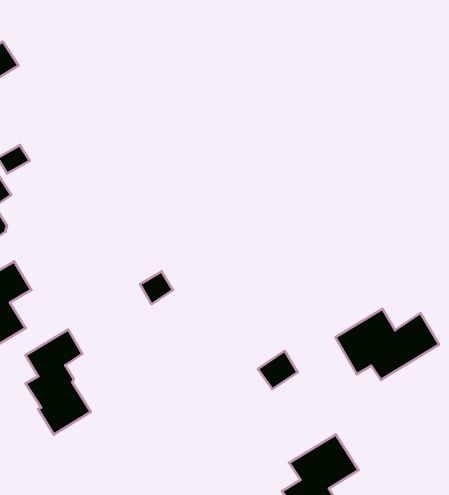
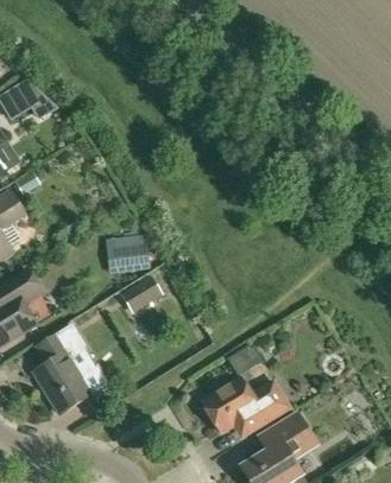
building: none -> [114,231,146,272]
building: [336,309,439,380] -> [200,379,286,438]

